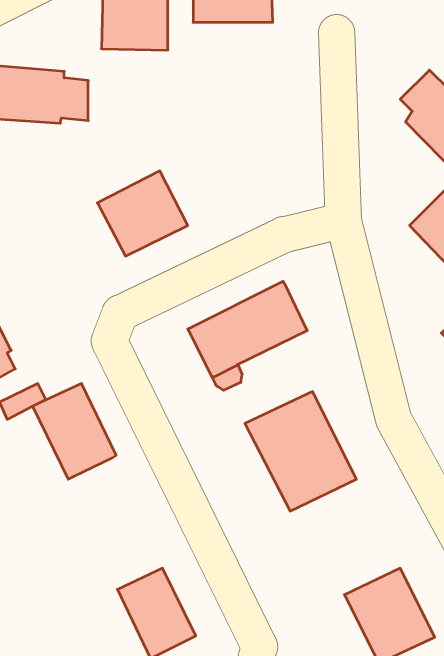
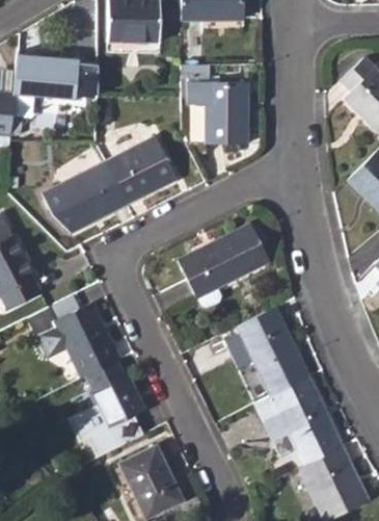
building: none -> [187,75,246,145]
building: none -> [42,161,128,232]
building: none -> [74,361,147,455]
building: none -> [255,377,343,473]

